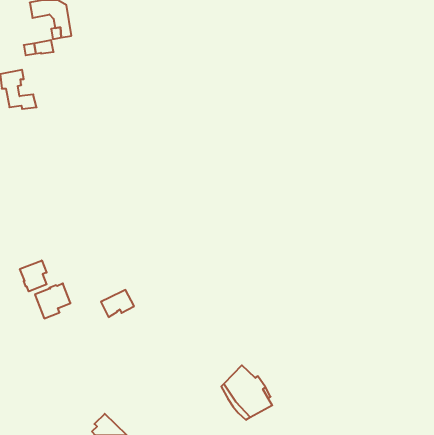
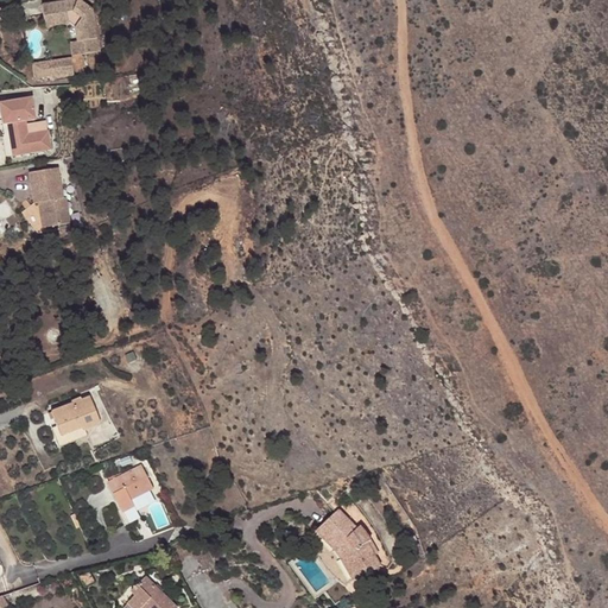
building: none -> [28,167,70,228]
building: [20,260,47,291] -> none
building: [101,290,134,317] -> [107,466,153,504]

